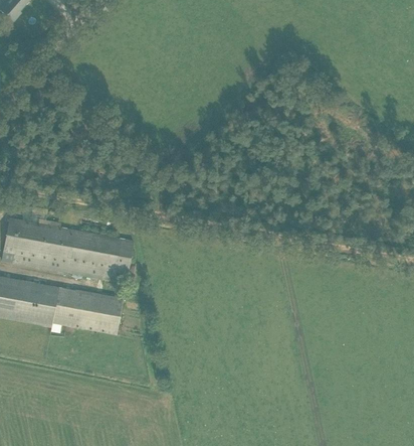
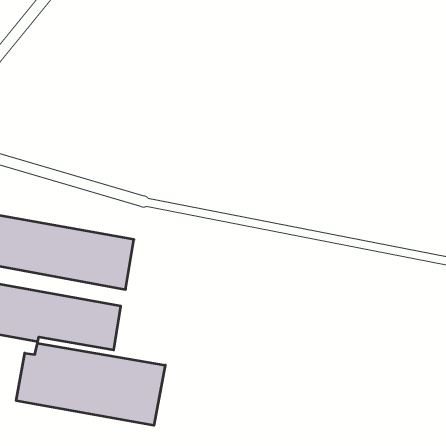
building: none -> [16,343,165,425]

